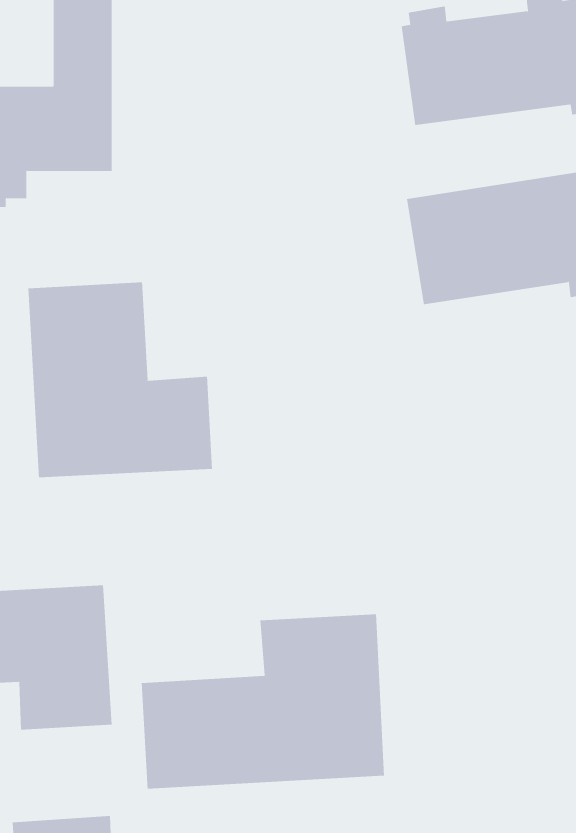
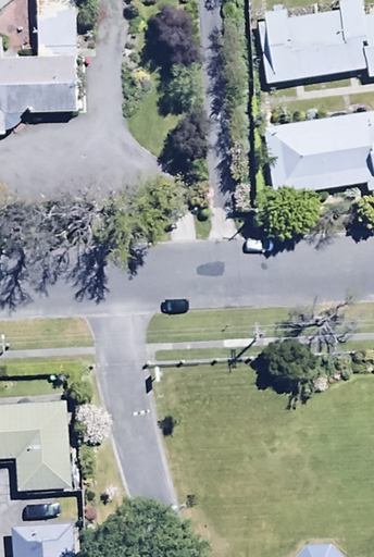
building: [28,282,213,478] -> none
building: [141,613,384,790] -> none

